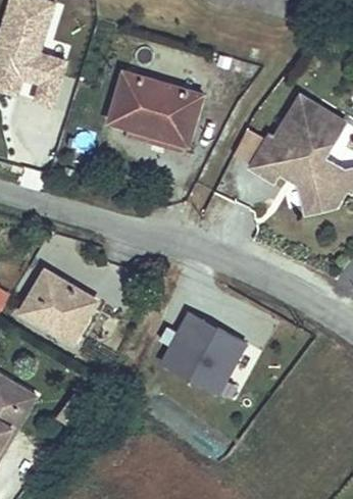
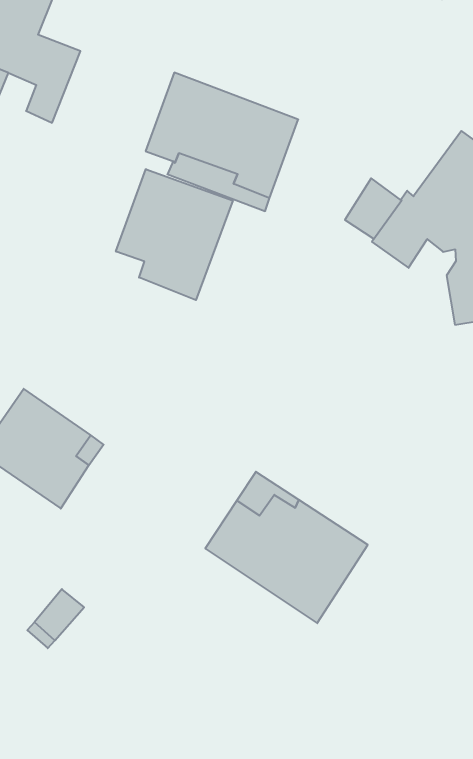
building: none -> [116,169,233,300]

